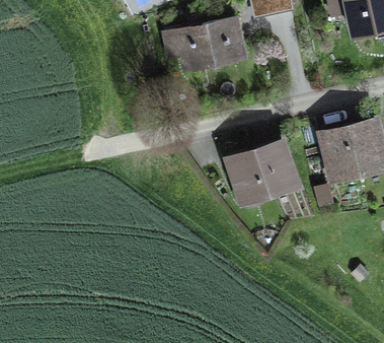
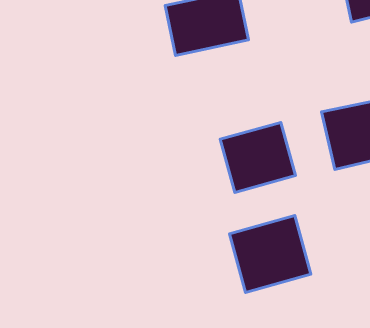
building: none -> [229,216,311,292]

